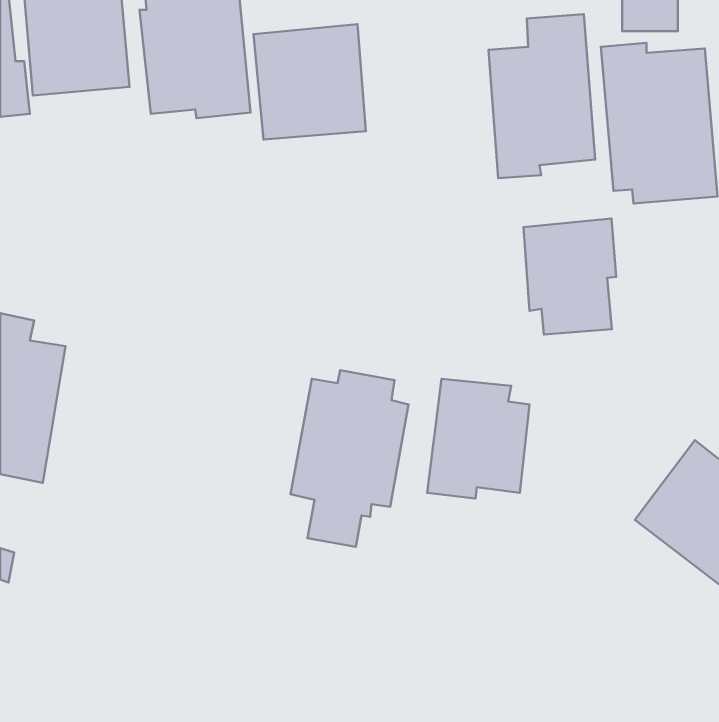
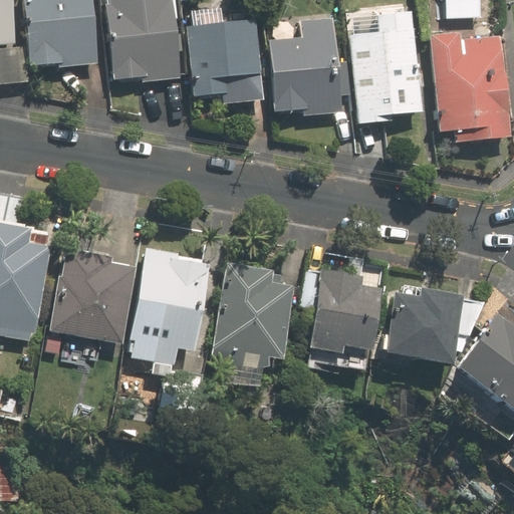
building: none -> [269,17,349,116]
building: [524,219,616,334] -> none
building: none -> [124,244,208,378]
building: none -> [50,253,134,342]
building: none -> [375,283,463,363]

